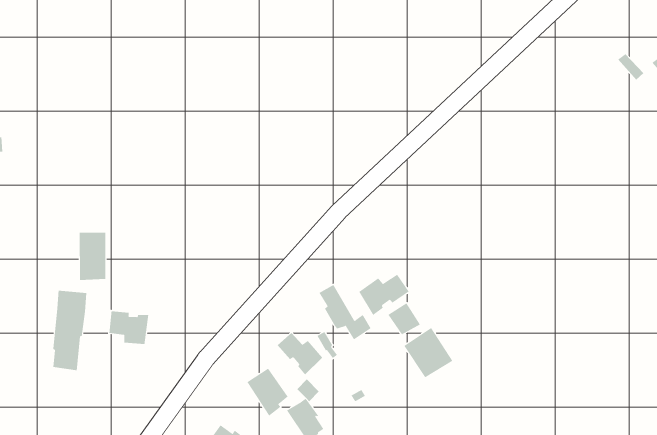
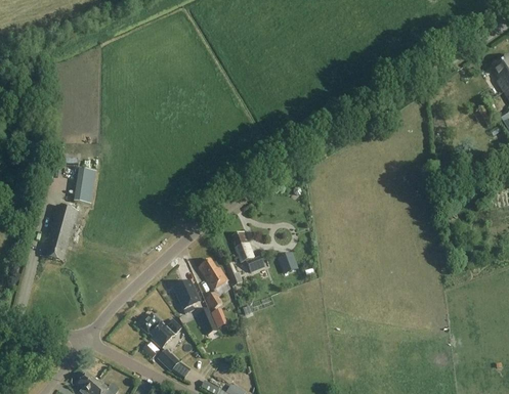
building: [358,274,409,316] -> none
building: [109,310,149,345] -> none
building: [404,327,453,378] -> none

